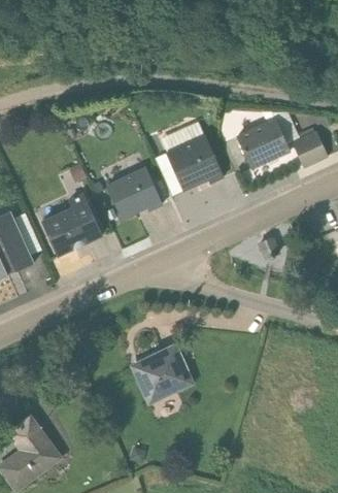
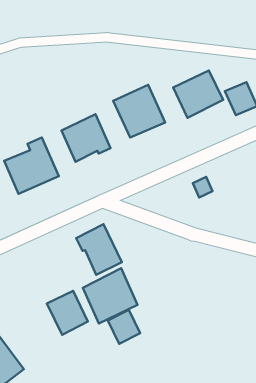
building: none -> [76,224,122,275]
building: none -> [47,291,88,335]
building: none -> [108,310,140,344]

